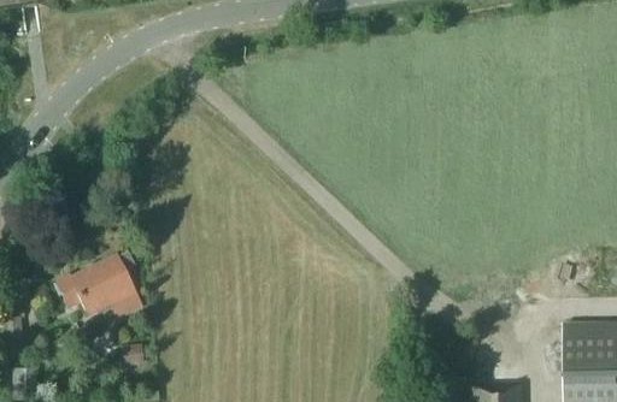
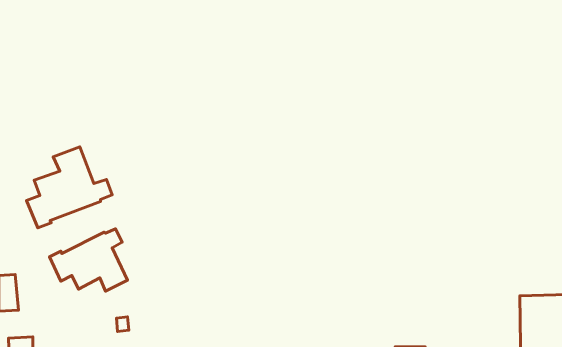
building: none -> [27,147,112,228]

